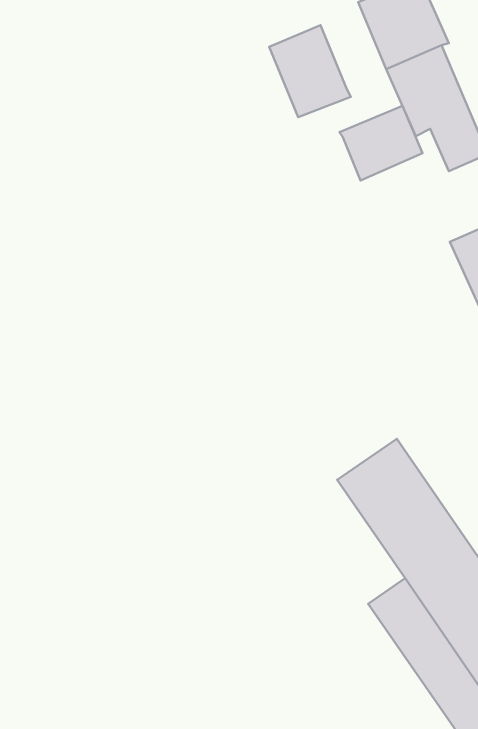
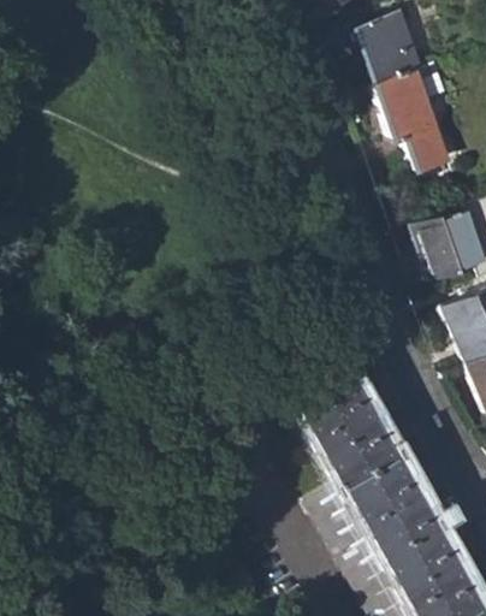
building: [269,25,351,117] -> none
building: [340,106,423,180] -> none

